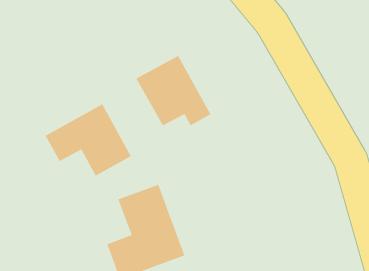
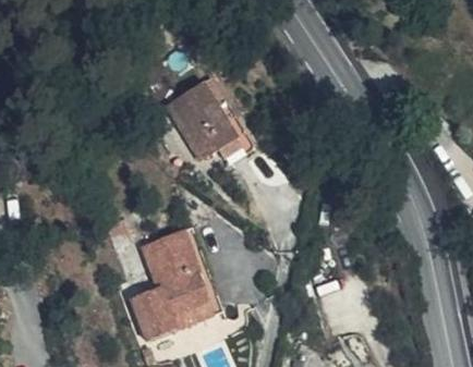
building: [45,104,132,177] -> none

